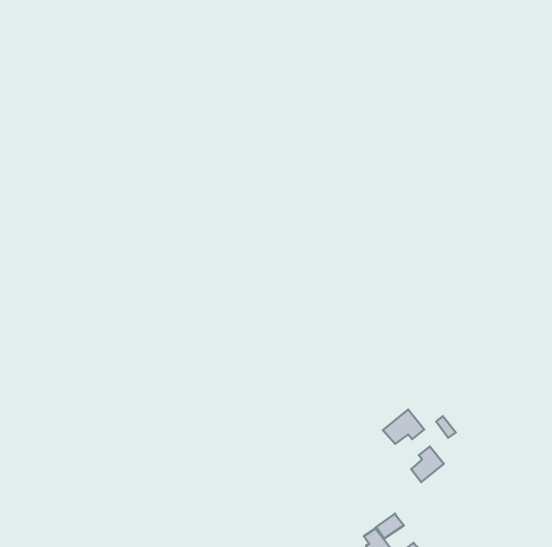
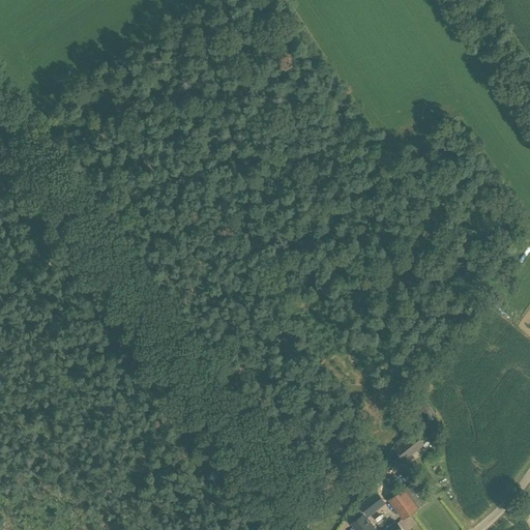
building: [383,410,424,444] -> none
building: none -> [390,495,419,525]

